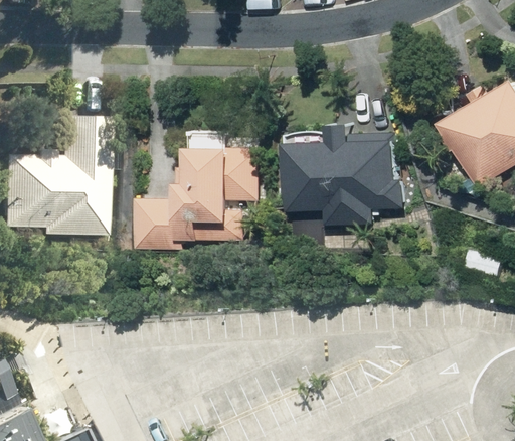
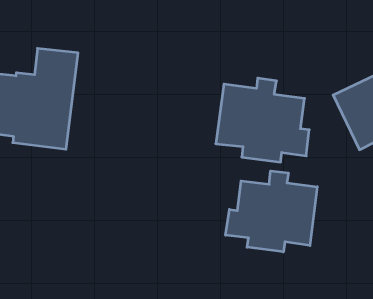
building: [134,127,262,250] -> none
building: none -> [226,171,317,252]

